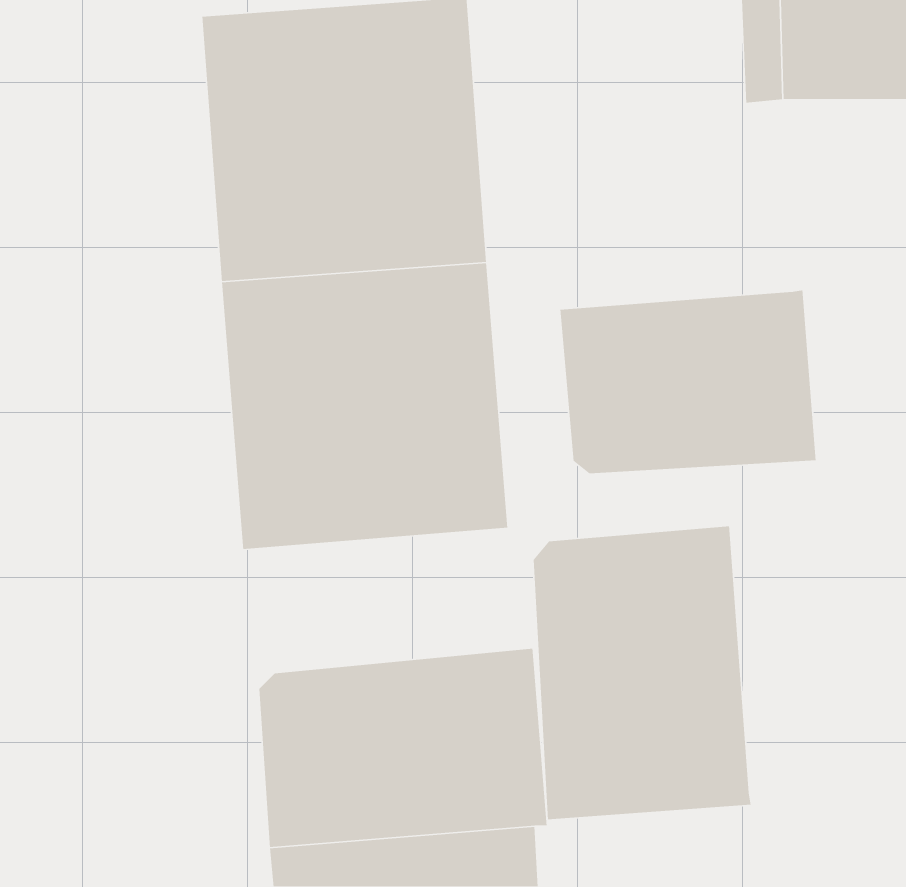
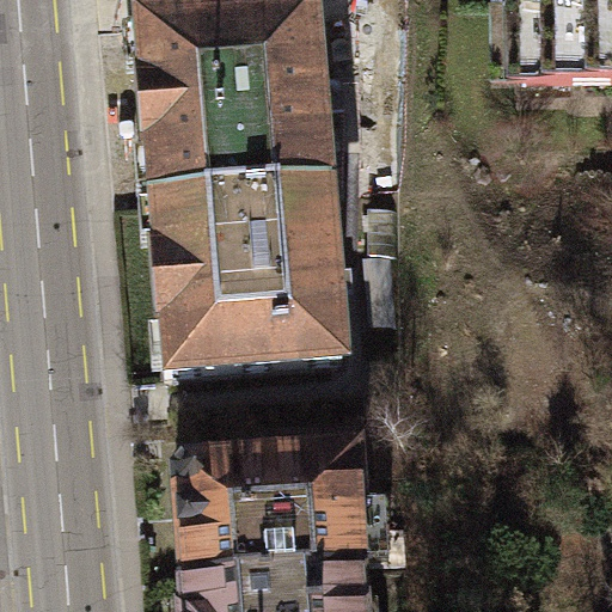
building: [559,289,816,474] -> none
building: [533,525,751,820] -> none

